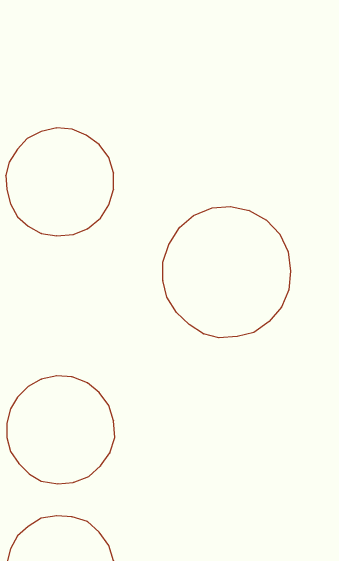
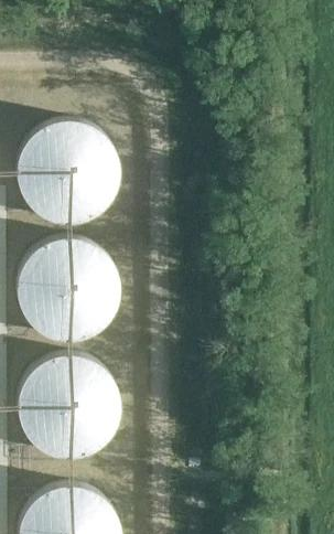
building: [163,207,291,338] -> none
building: none -> [18,238,118,339]

